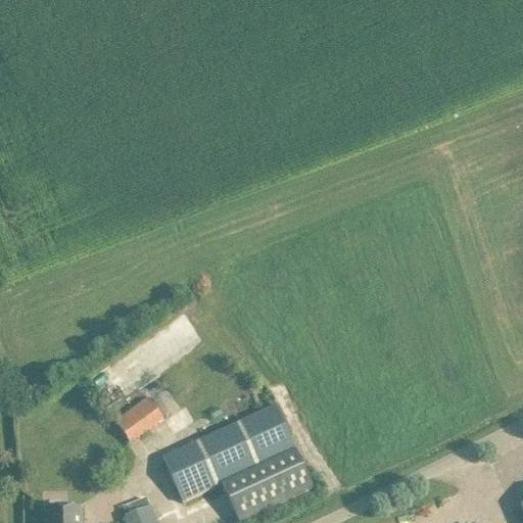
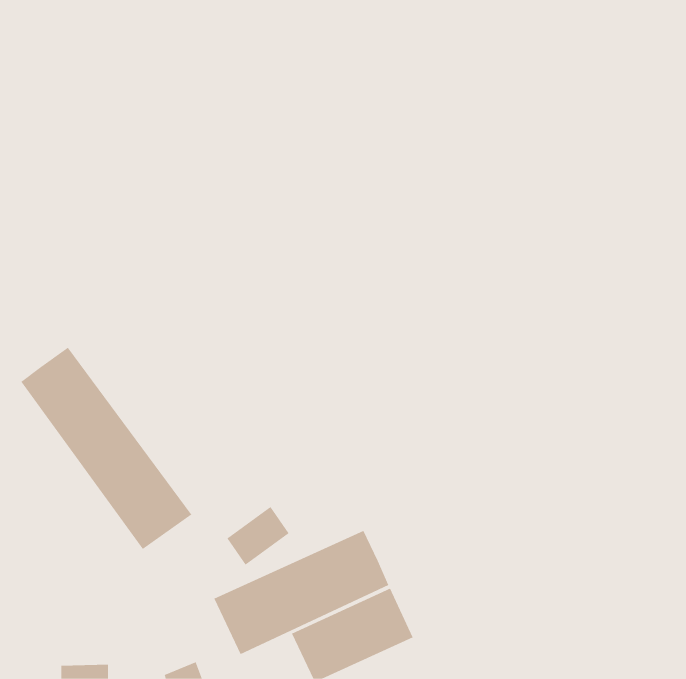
building: none -> [21,347,192,550]
building: [115,394,163,439] -> [226,506,290,565]

